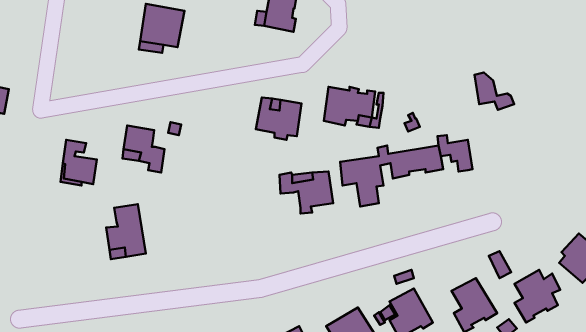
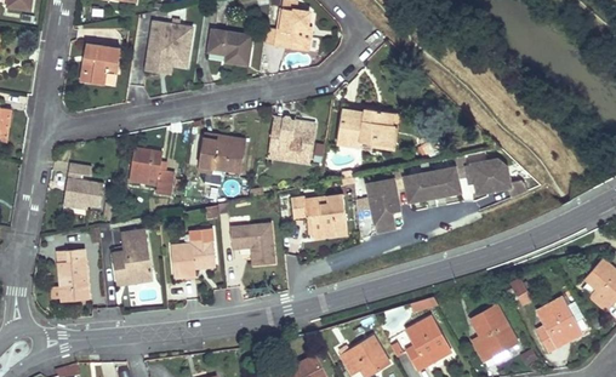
building: none -> [207,33,251,67]
building: none -> [80,44,119,84]
building: [475,72,514,110] -> [486,160,527,199]
building: none -> [199,137,245,172]
building: none -> [230,224,274,267]
building: none -> [170,229,213,278]
building: none -> [58,251,89,303]

